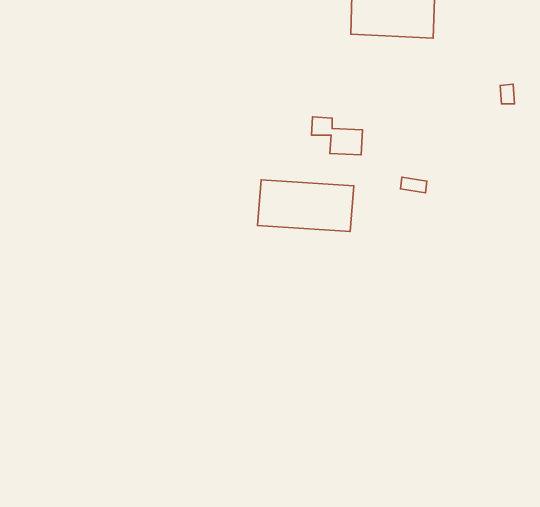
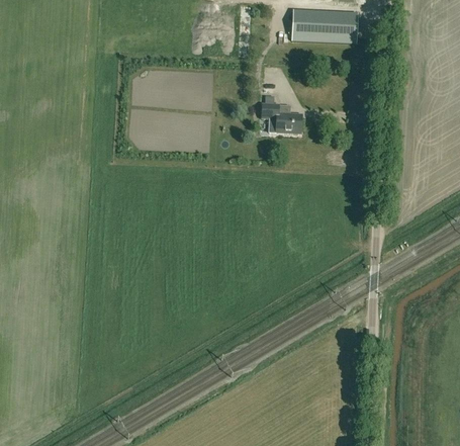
building: [257,180,354,232] -> none

